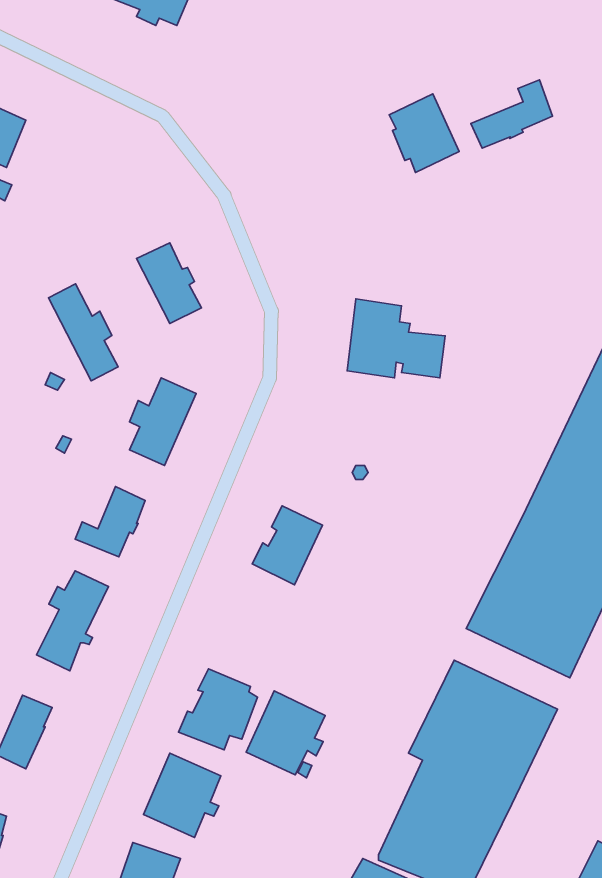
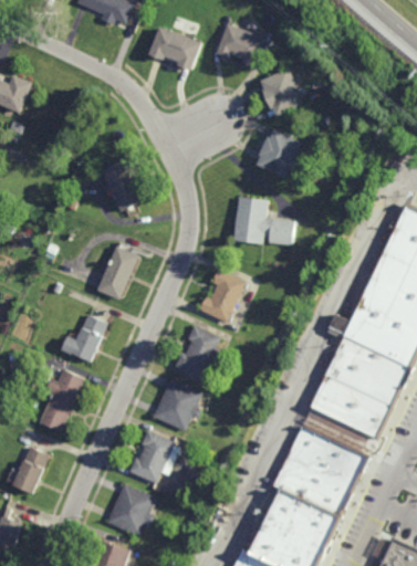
building: none -> [217,23,265,67]
building: none -> [148,27,201,72]
building: [471,80,552,148] -> none
building: none -> [257,129,302,179]
building: [49,284,118,381] -> none
building: none -> [198,270,246,324]
building: [246,691,325,775] -> [152,377,201,430]

